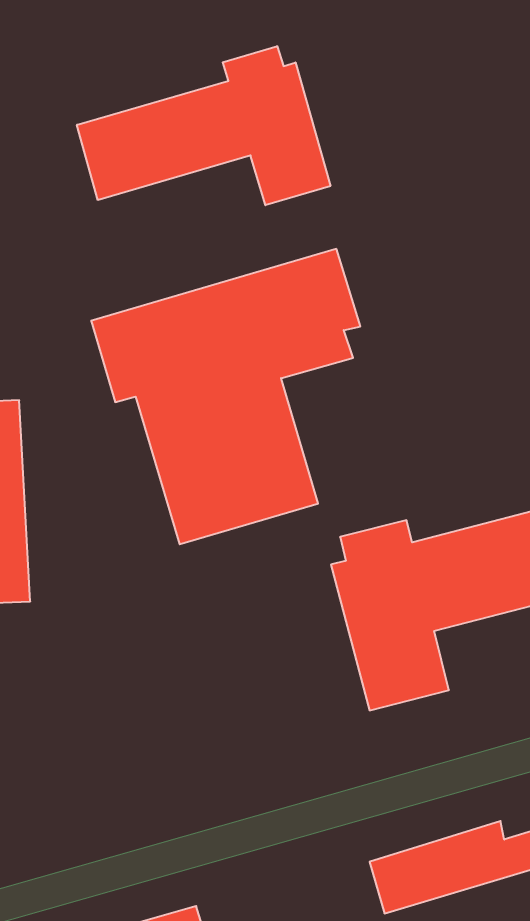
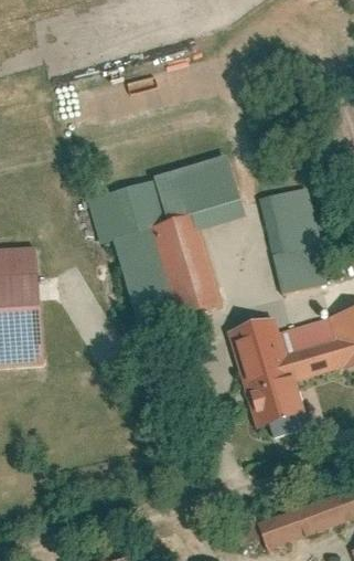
building: [77,46,330,205] -> none
building: none -> [264,186,331,292]

